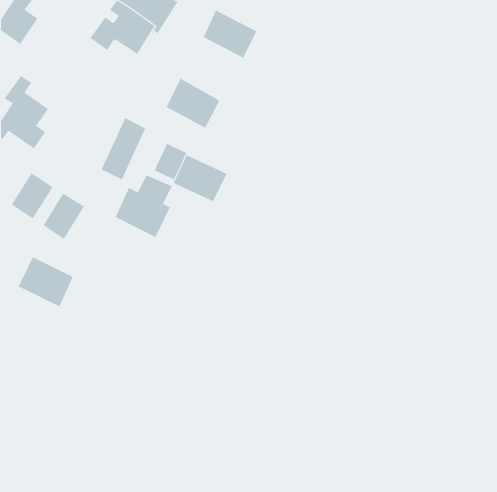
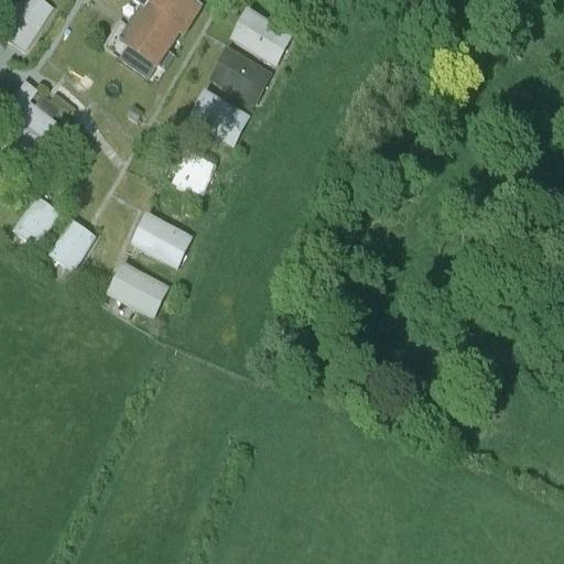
building: none -> [210,47,271,102]
building: [101,117,146,180] -> none
building: [173,154,228,202] -> none
building: [18,256,73,307] -> [107,261,170,318]

